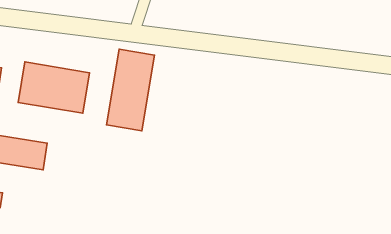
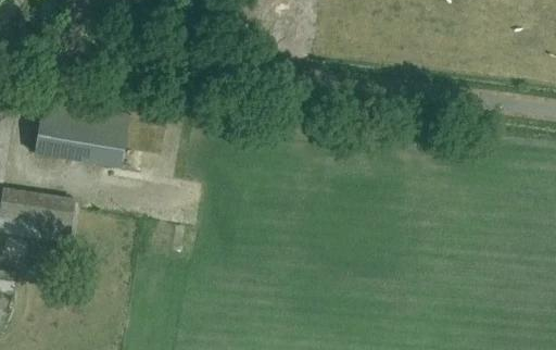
building: [107,49,154,131] -> none

